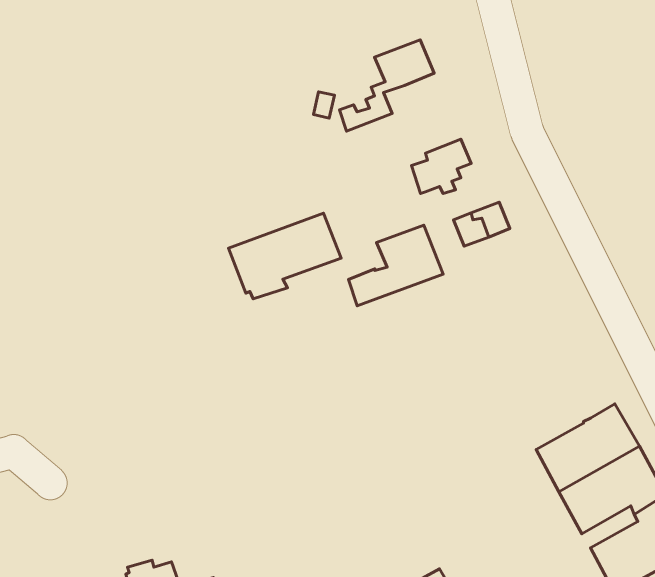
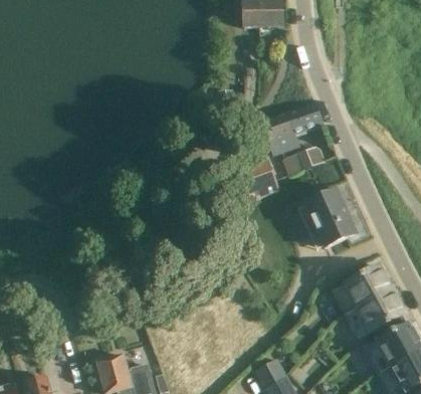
building: [340,40,434,131] -> [268,103,323,155]
building: [228,213,341,299] -> none
building: none -> [298,188,357,247]

